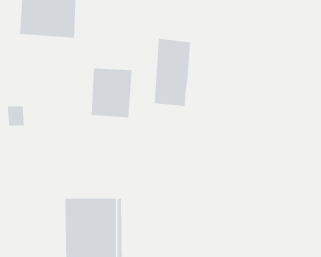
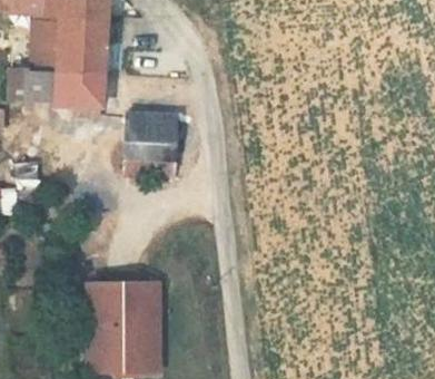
building: none -> [28,65,102,106]
building: [154,38,191,107] -> none

